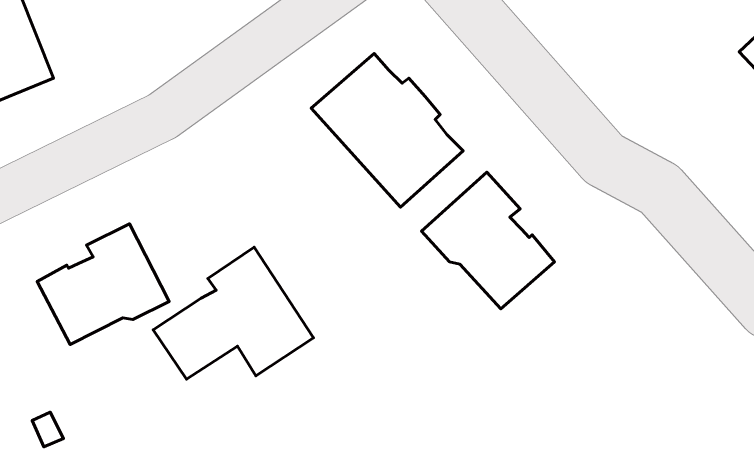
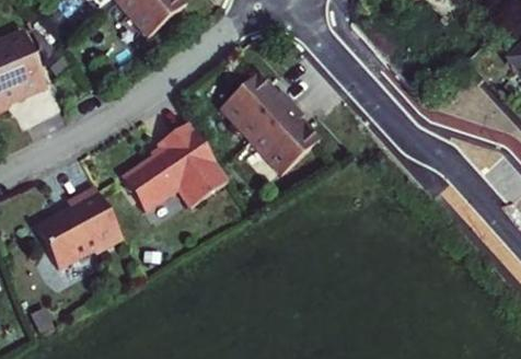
building: [421,172,554,309] -> none
building: [153,247,314,379] -> [121,121,228,209]

